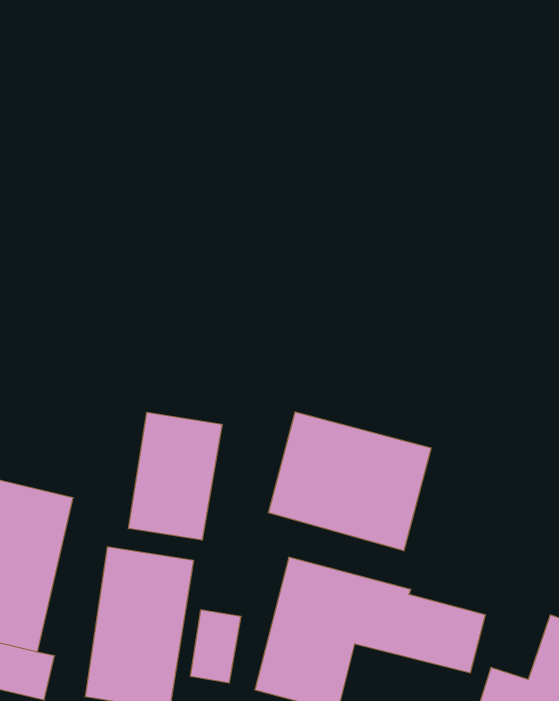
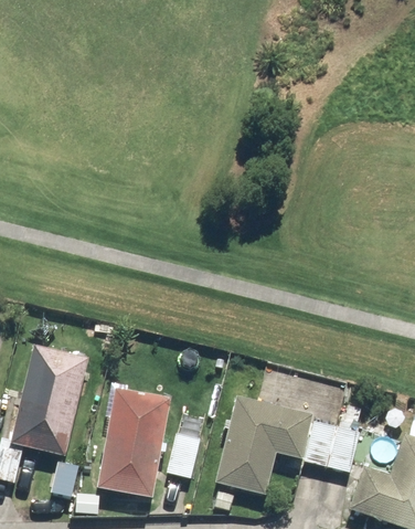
building: [268,412,431,551] -> none
building: [128,412,222,540] -> none

